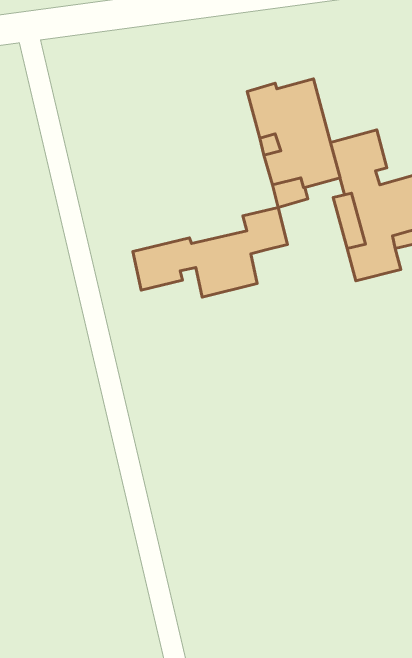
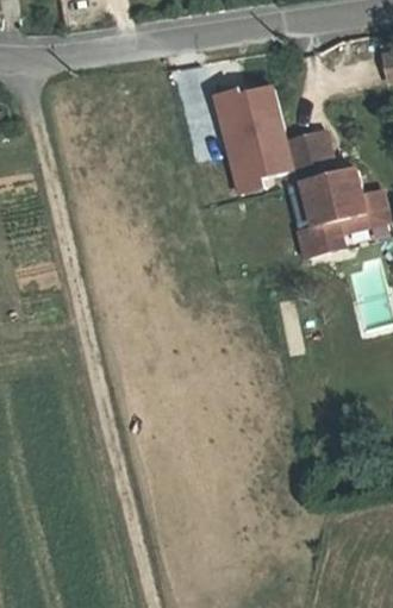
building: [133,207,287,297] -> none

